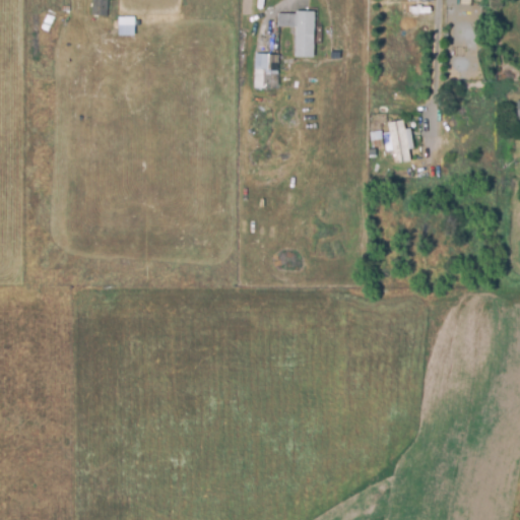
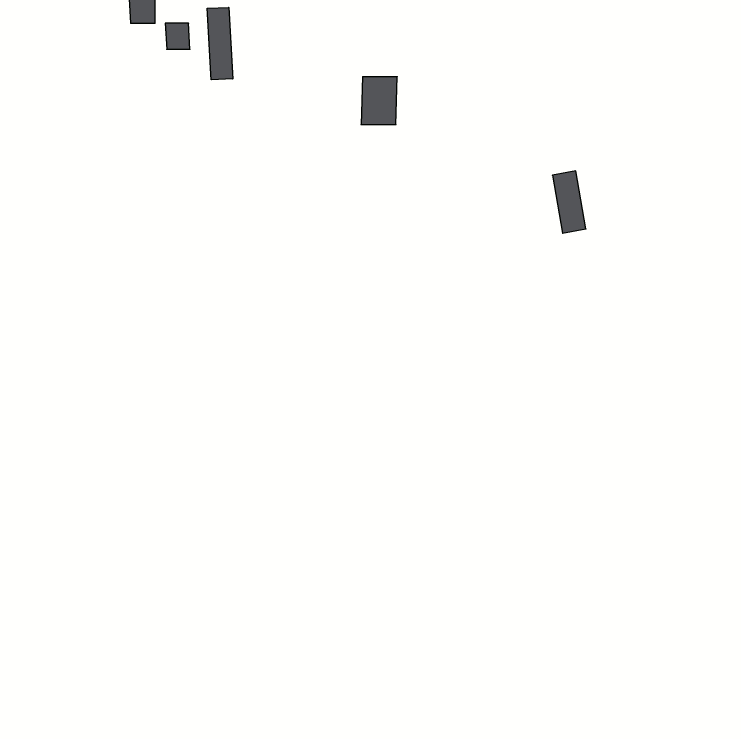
building: none -> [207,7,233,80]
building: [294,10,314,57] -> none

